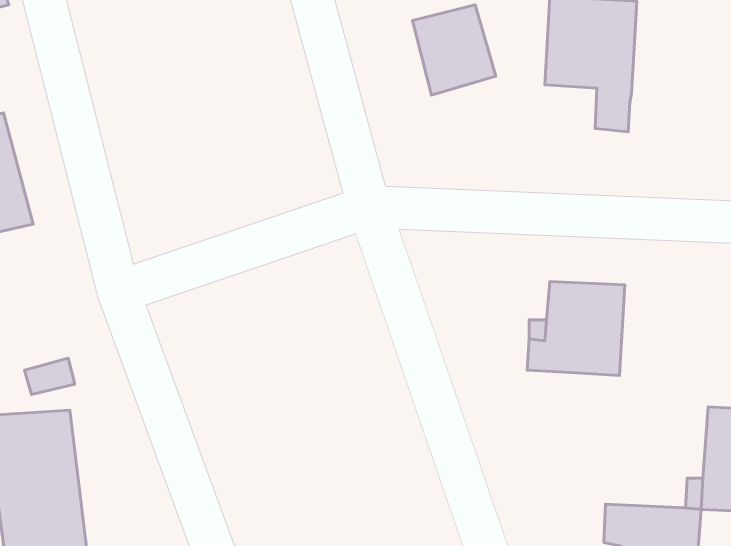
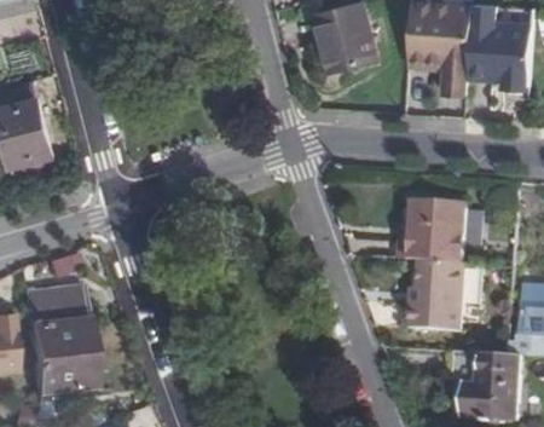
building: none -> [470,23,534,80]
building: none -> [407,260,467,330]

